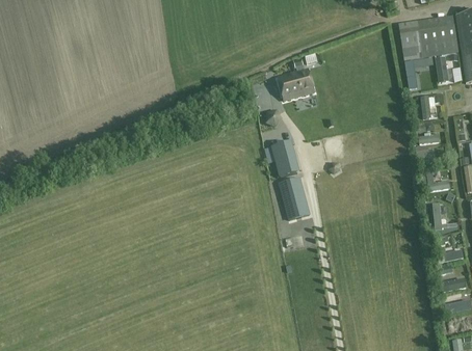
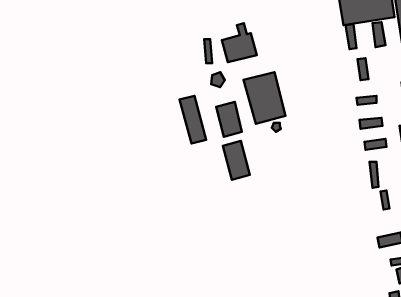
building: none -> [244,72,286,124]
building: none -> [180,96,206,143]

